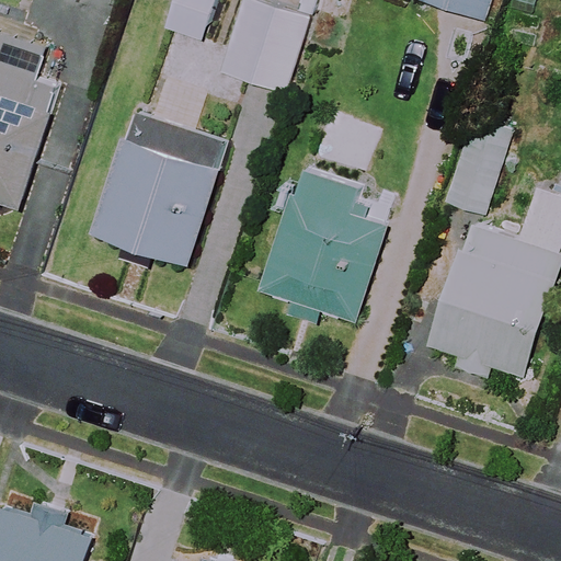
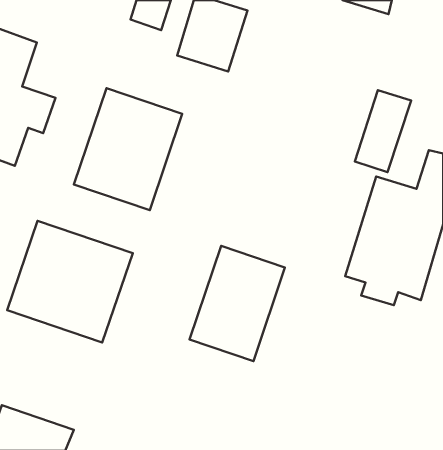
building: [259,158,403,319] -> none
building: none -> [7,221,133,343]
building: none -> [190,246,285,361]

